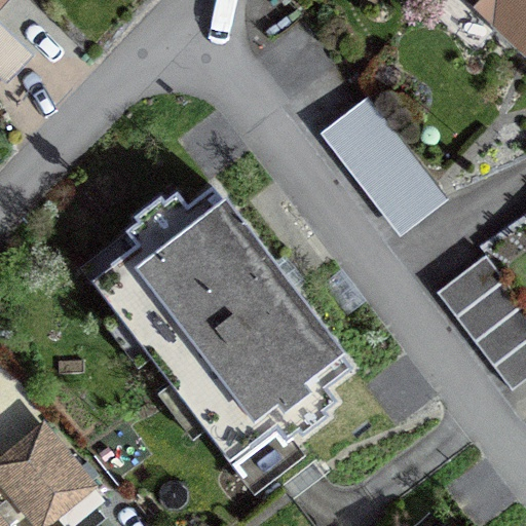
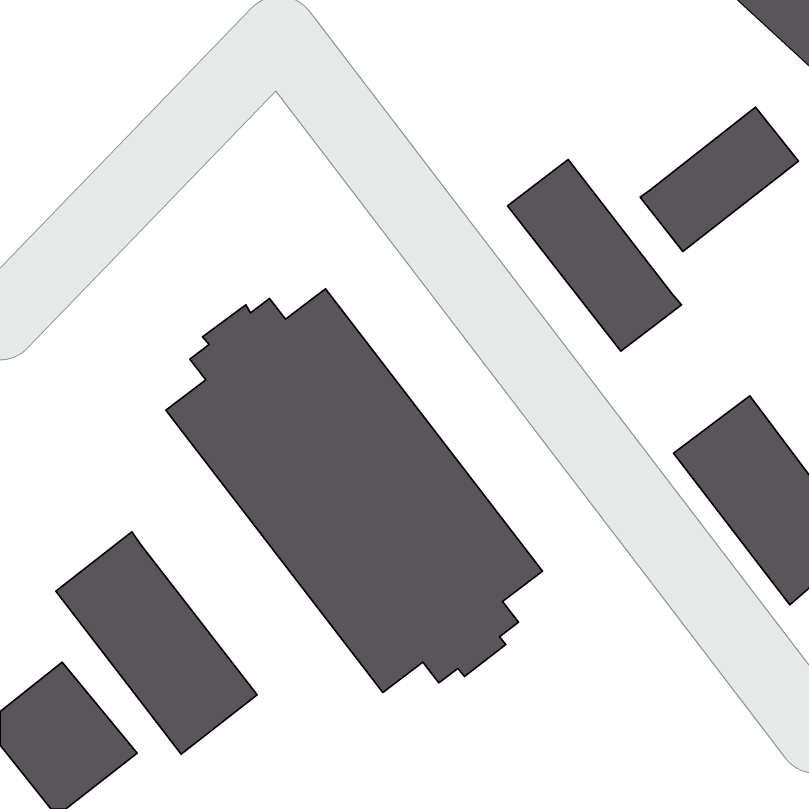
building: none -> [640,107,798,251]
building: none -> [56,532,257,754]

